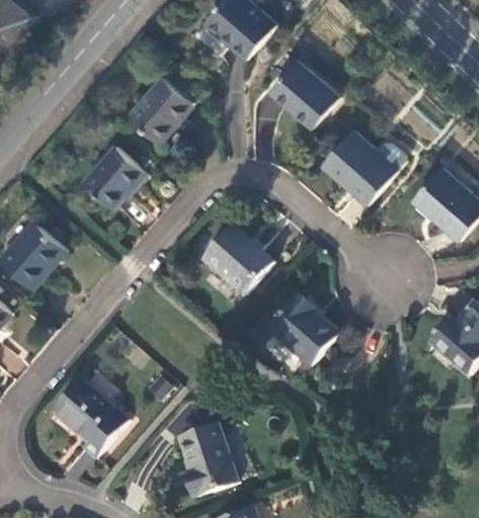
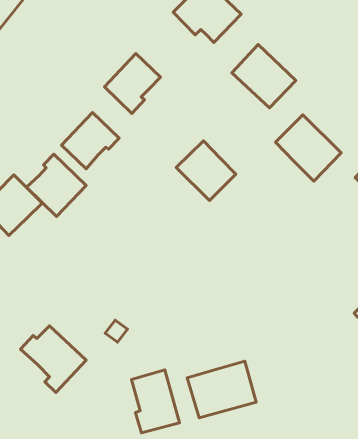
building: none -> [26,154,86,216]
building: [207,230,273,295] -> [176,141,236,201]
building: [270,295,336,365] -> none
building: none -> [187,361,256,418]

